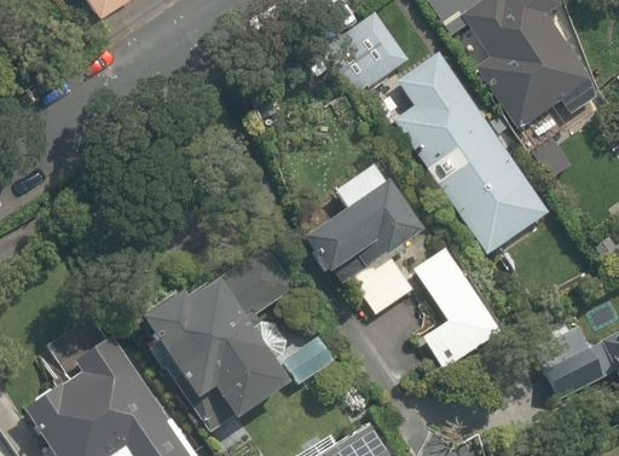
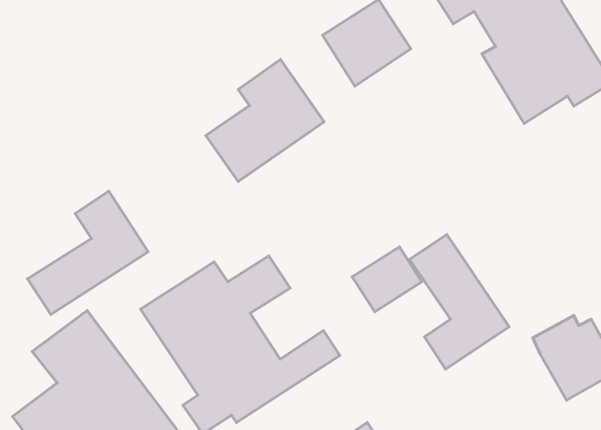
building: [391,50,549,256] -> none
building: [305,163,420,282] -> [206,59,324,182]
building: none -> [28,191,148,314]

